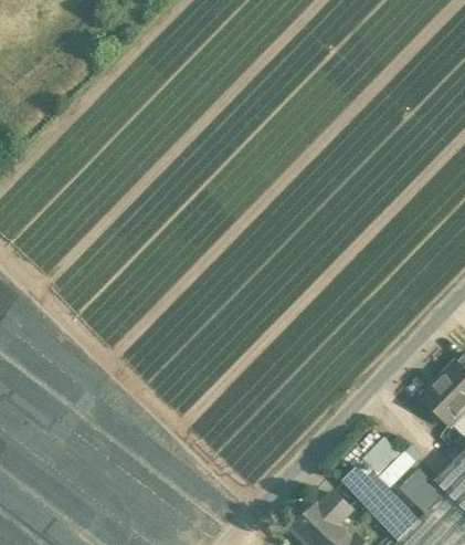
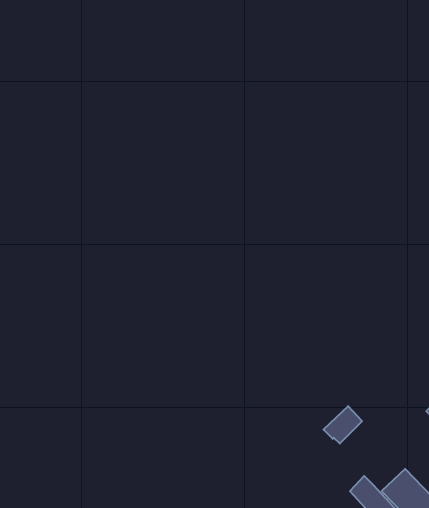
building: [360,447,397,482] -> [323,406,362,444]

